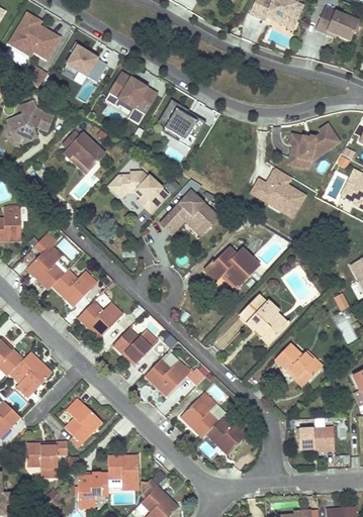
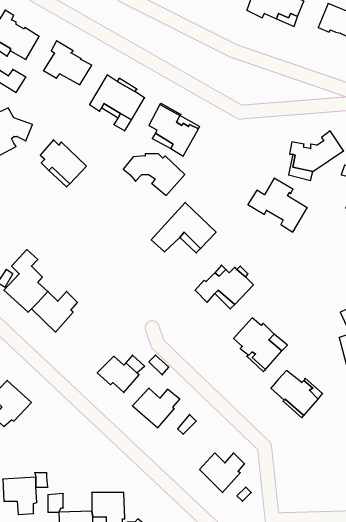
building: [106,174,163,212] -> [123,154,185,195]
building: [78,303,120,339] -> none
building: [180,395,216,438] -> none
building: [65,400,101,443] -> none
building: [295,428,335,450] -> none

